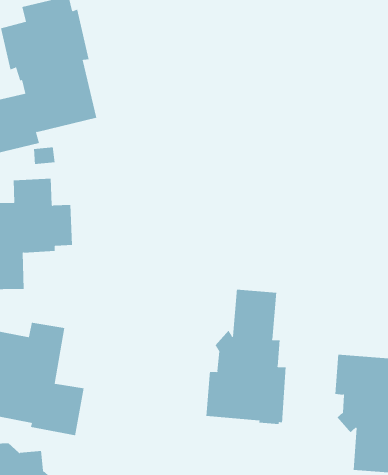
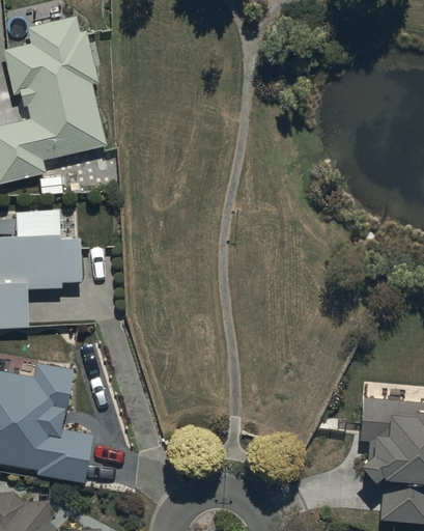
building: [206,289,286,425] -> none

